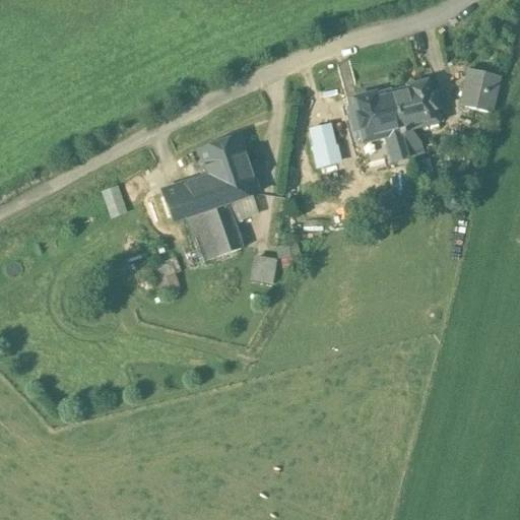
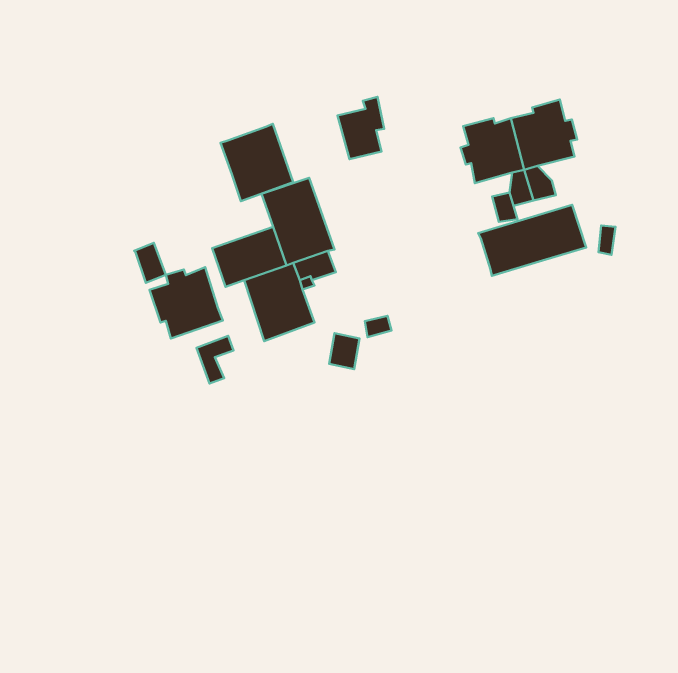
building: [464,68,499,111] -> none
building: none -> [220,124,293,201]
building: [311,115,346,162] -> [338,97,384,159]
building: none -> [478,205,586,276]
building: none -> [149,267,223,339]

